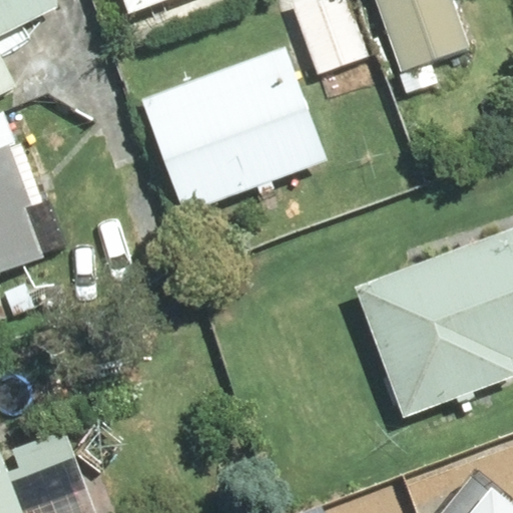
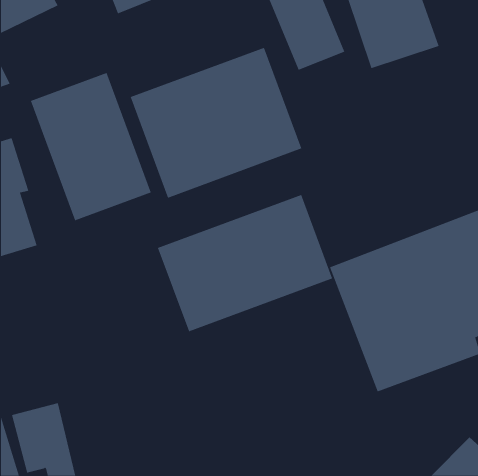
building: none -> [30,72,152,221]
building: none -> [157,194,333,332]

